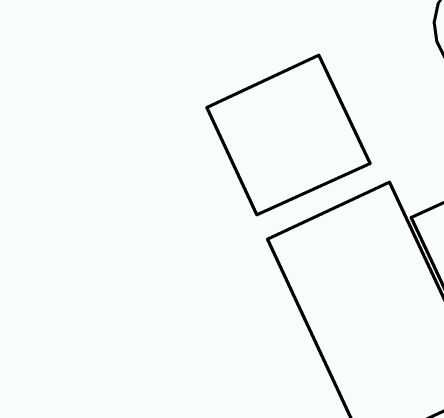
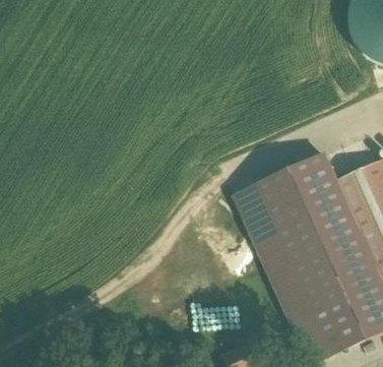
building: [207,55,370,215] -> none

